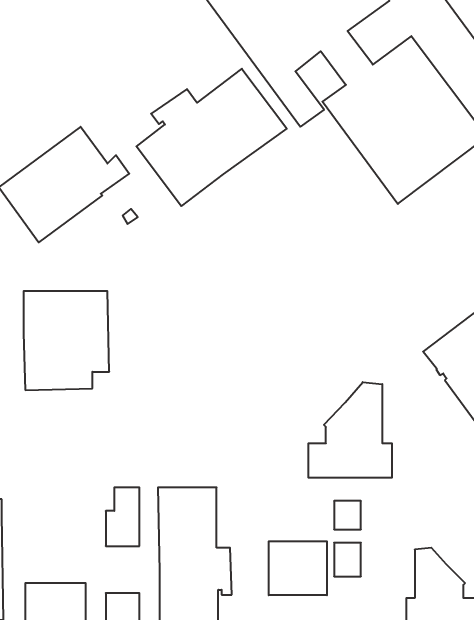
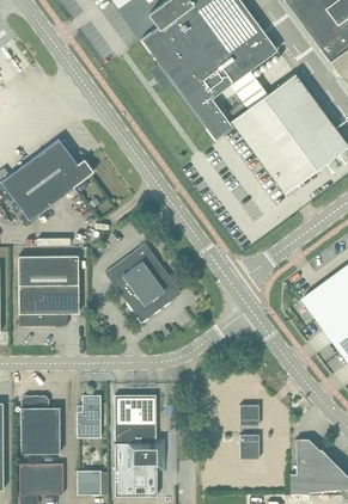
building: [136,69,287,206] -> none
building: none -> [104,244,178,322]
building: [308,382,392,478] -> none
building: none -> [20,395,60,454]
building: [269,541,327,595] -> none

